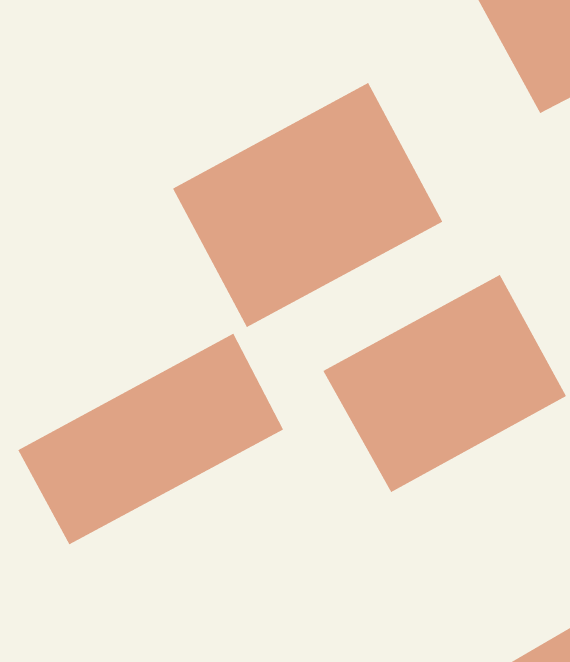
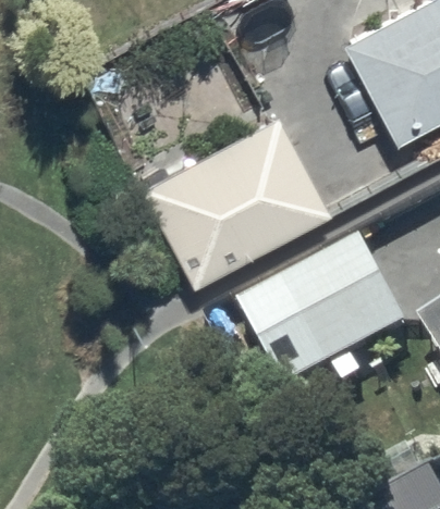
building: [17,333,284,545] -> none

